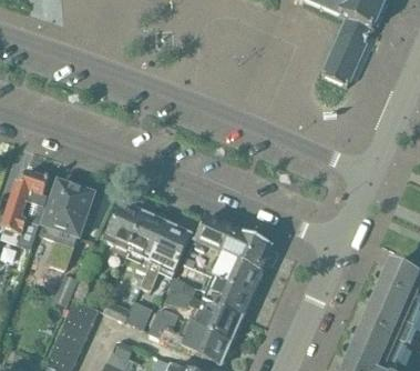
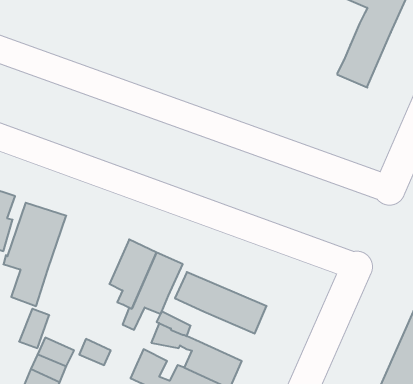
building: [104,201,146,250] -> none
building: [195,214,280,269] -> none
building: [203,273,253,315] -> none

